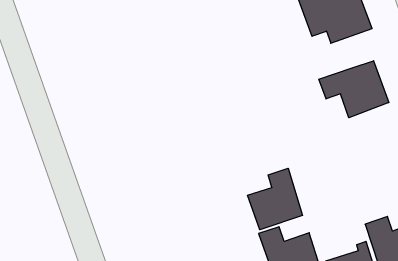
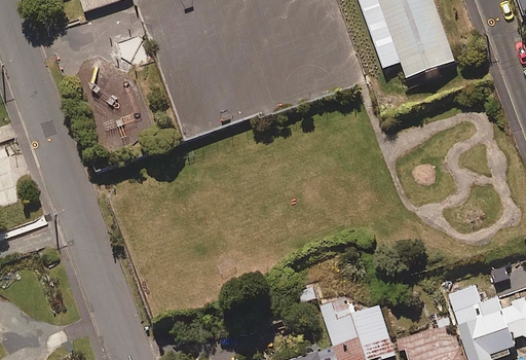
building: [319,61,389,118] -> none
building: [247,168,303,230] -> none

